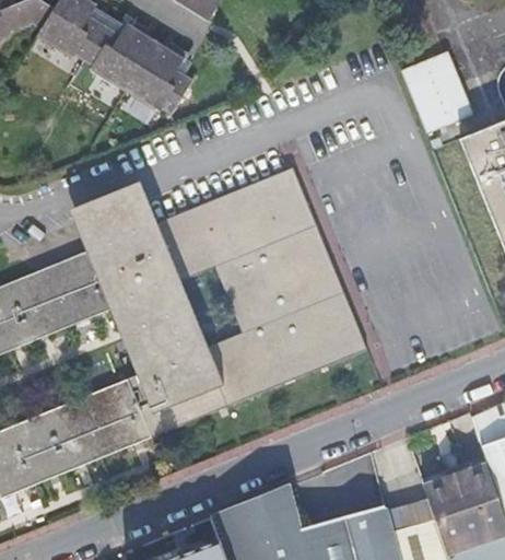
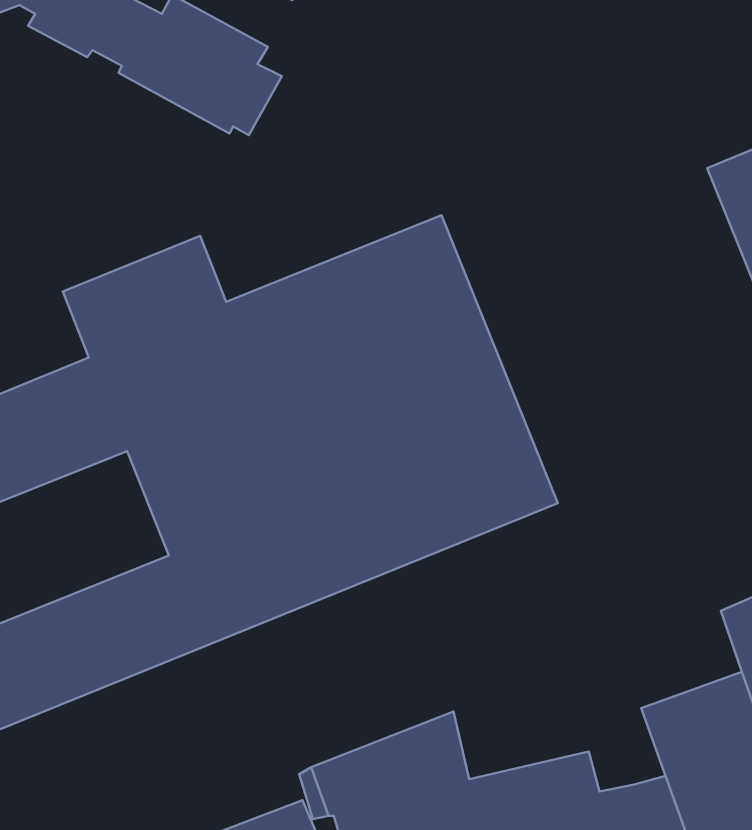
building: [402,49,473,129] -> none

